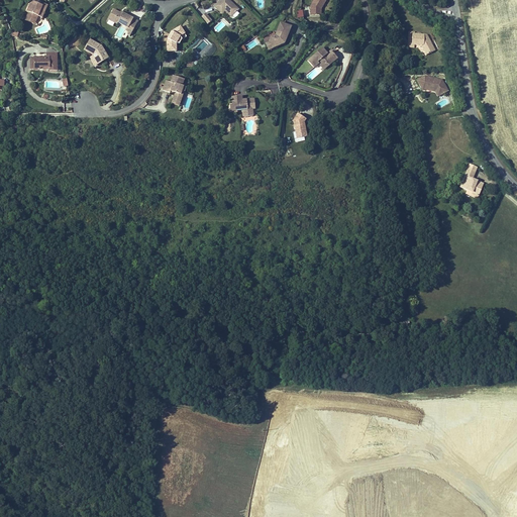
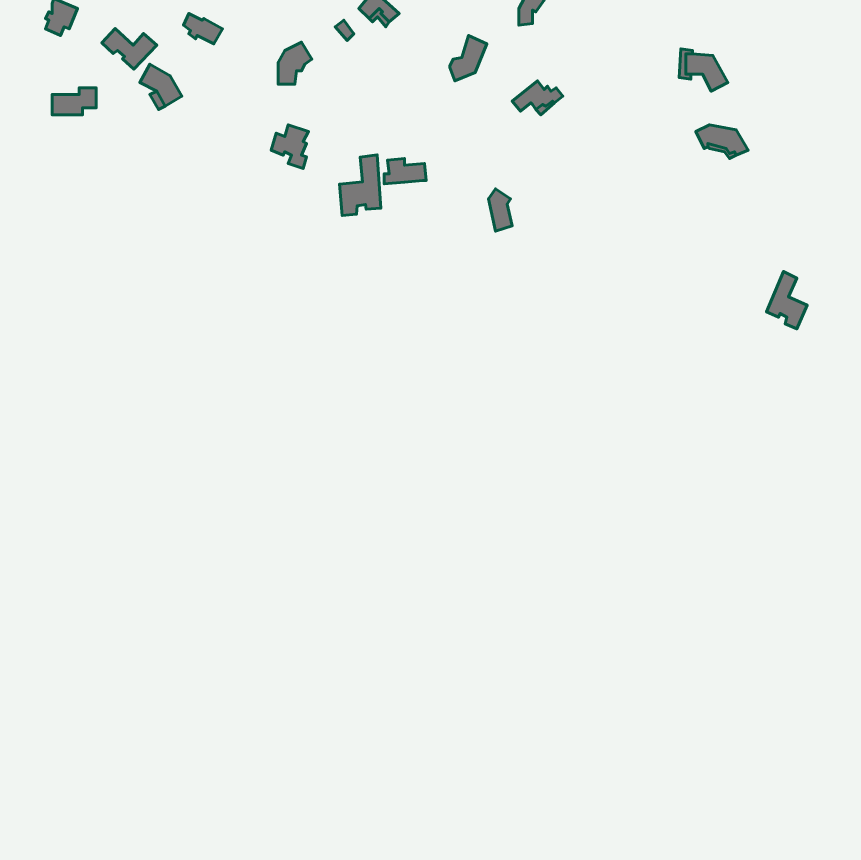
building: none -> [102,29,157,69]
building: none -> [340,155,381,215]

